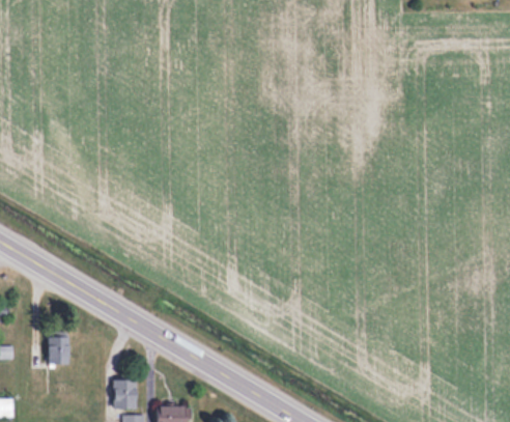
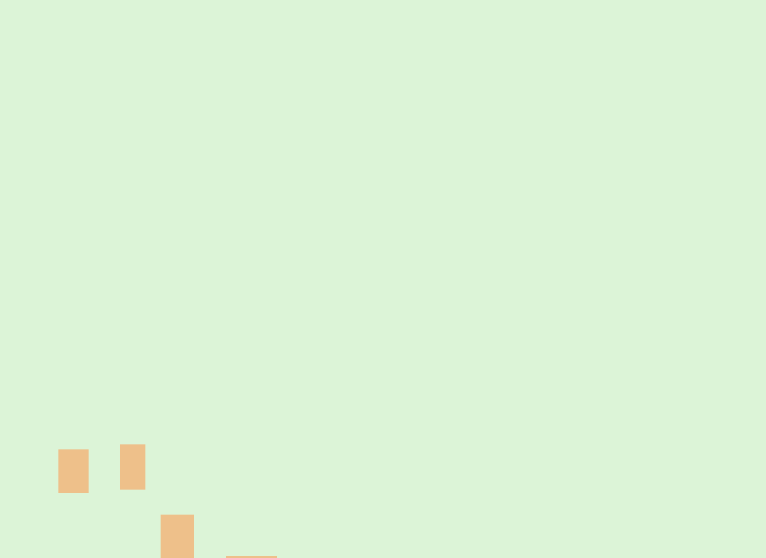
building: none -> [119,444,146,490]

